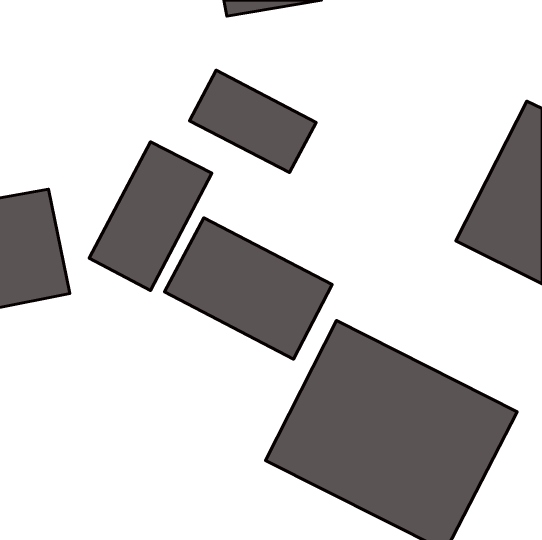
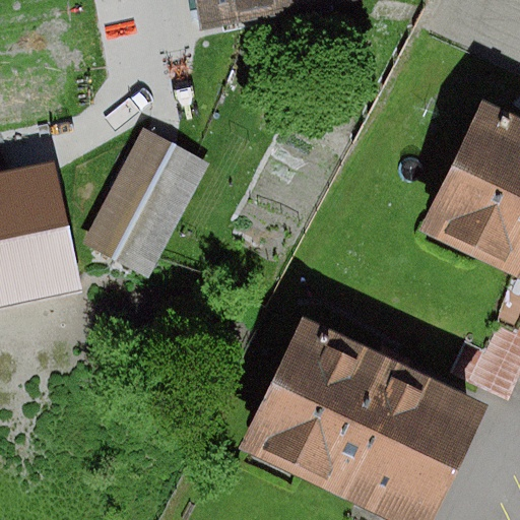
building: [190,70,316,173] -> none
building: [164,218,332,359] -> none

